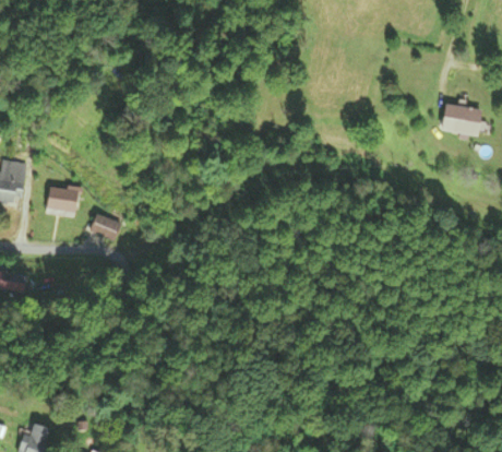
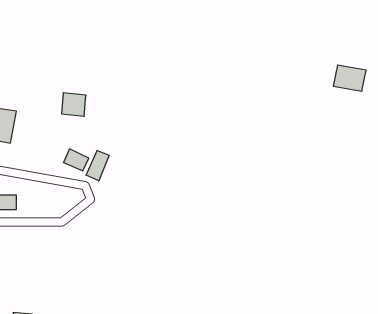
building: [47,185,79,215] -> [62,93,86,116]
building: none -> [86,150,109,181]

